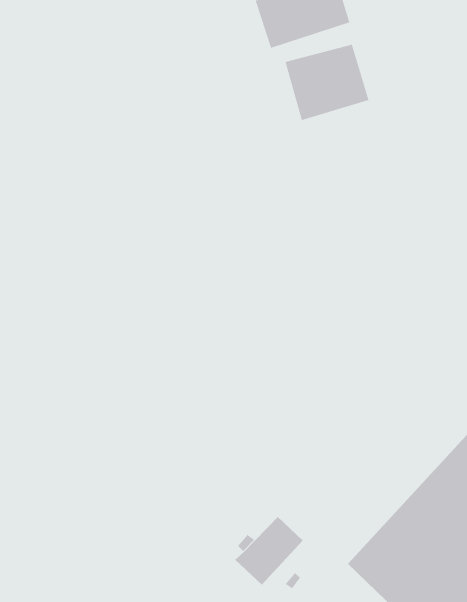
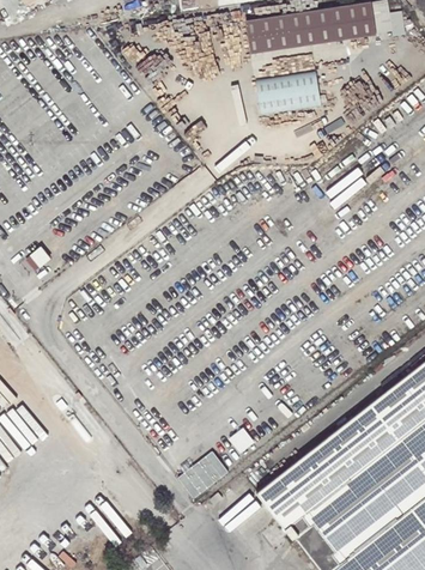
building: [285,44,369,121] -> none

